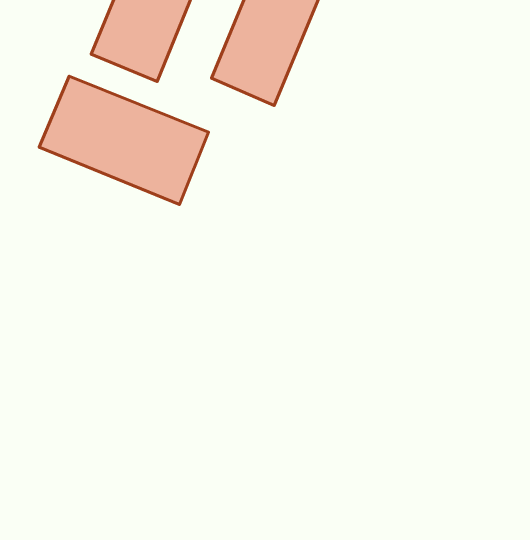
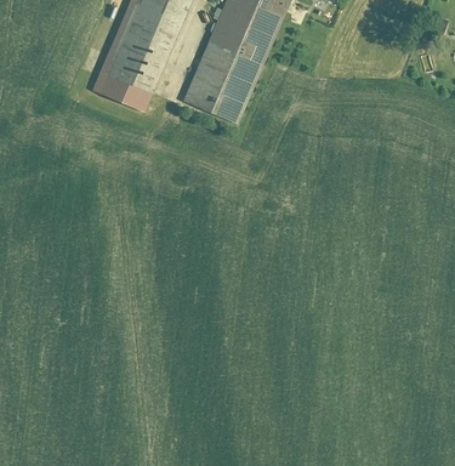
building: [39,76,208,205] -> none

